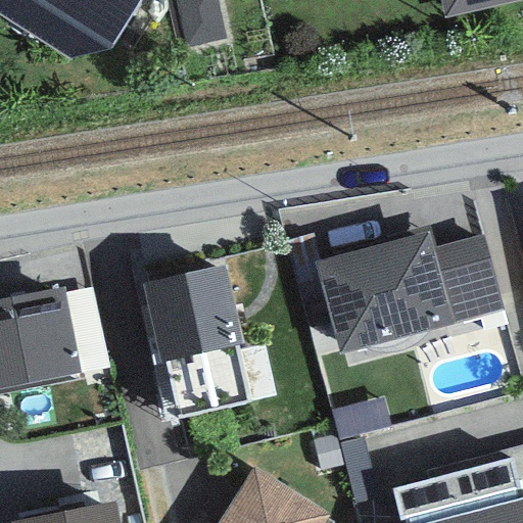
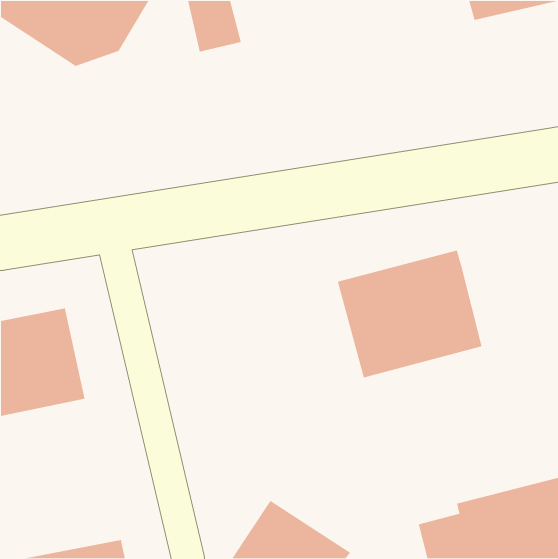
building: [432,234,503,324] -> none
building: [142,265,247,418] -> none

